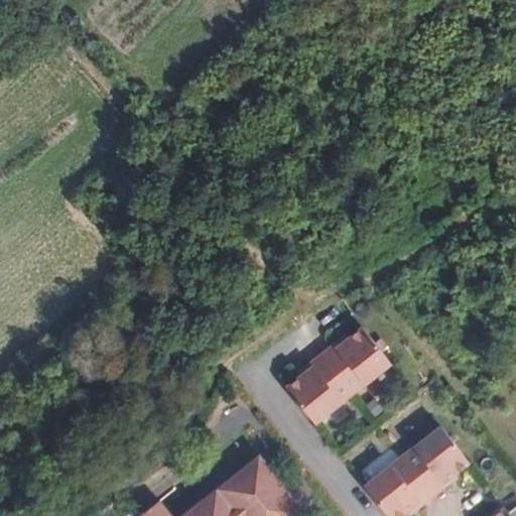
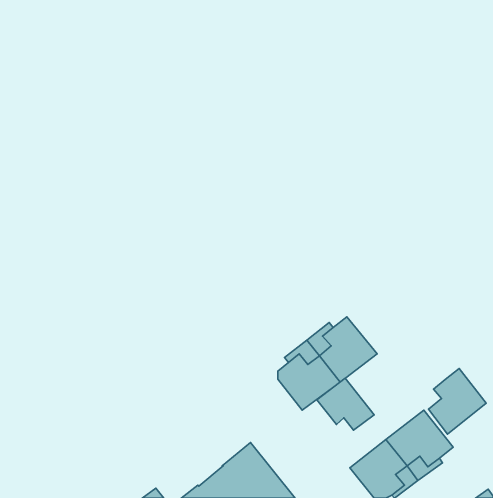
building: none -> [428,369,486,434]
building: none -> [317,378,374,430]

